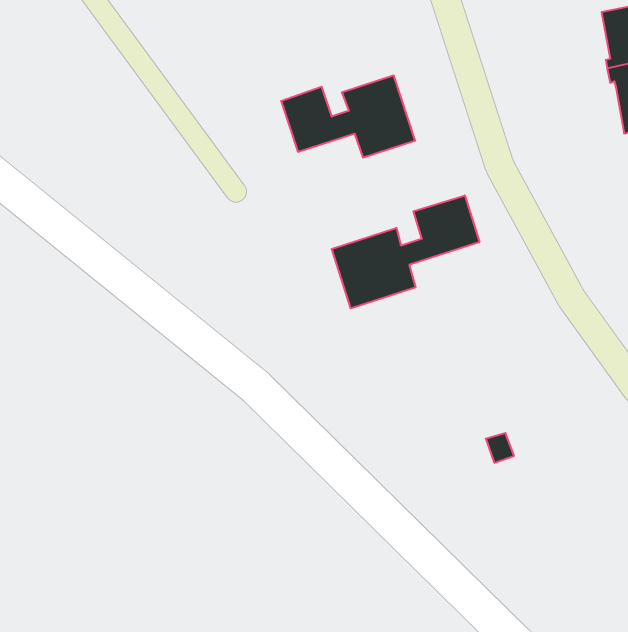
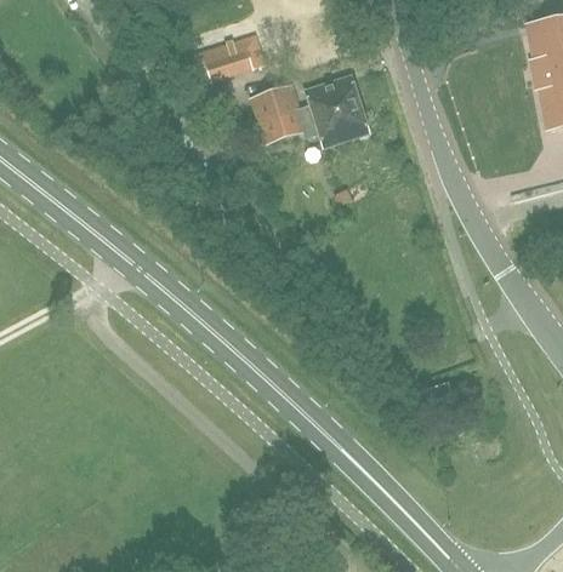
building: none -> [188,34,266,85]
building: [332,195,479,308] -> none

